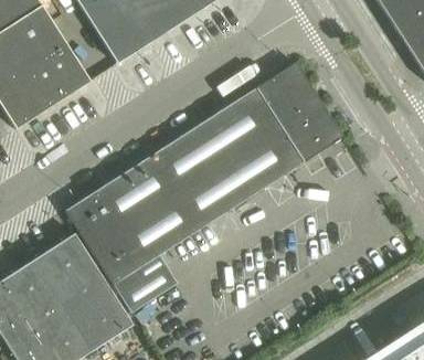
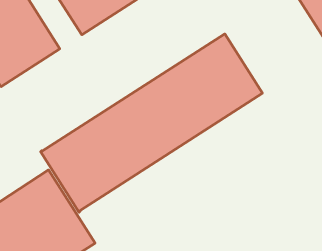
building: [115,261,180,310] -> none

